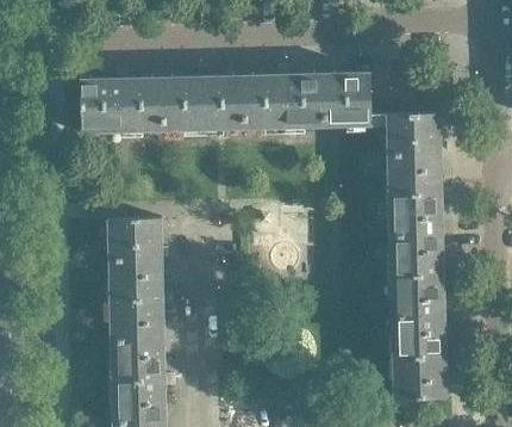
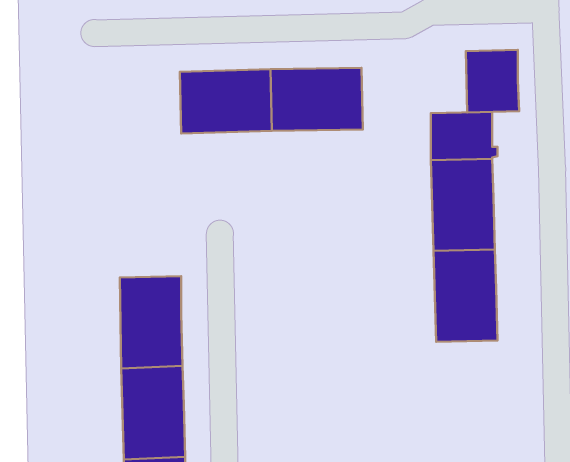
building: [324,70,371,126] -> [466,50,519,113]
building: [80,75,163,132] -> none
building: [107,216,168,259] -> none
building: [391,315,447,397] -> none

